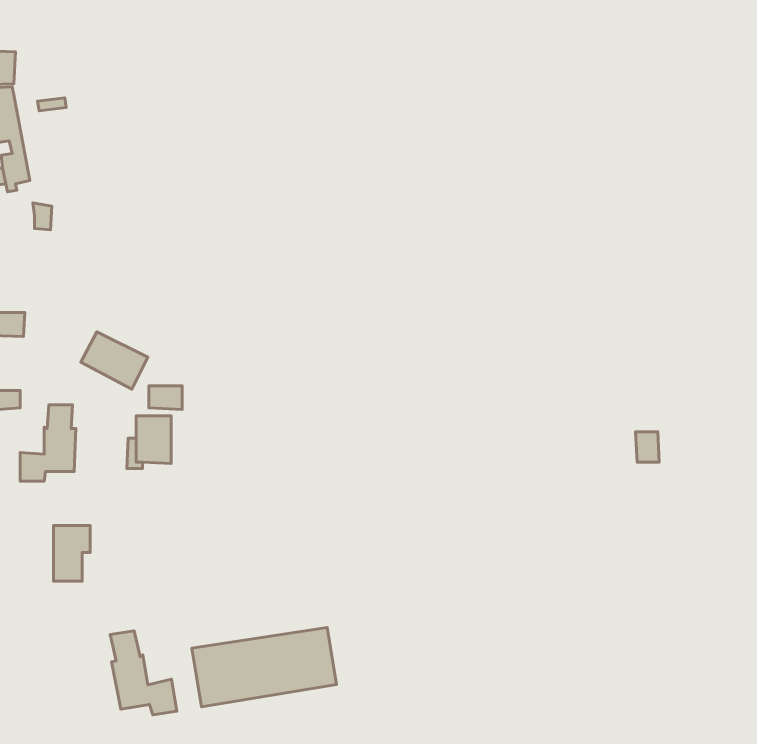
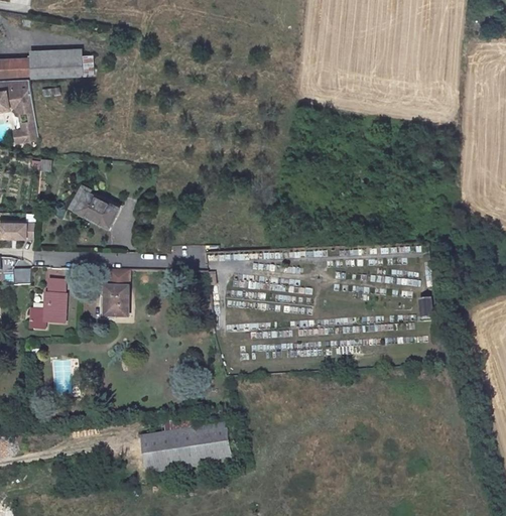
building: none -> [26,52,80,77]
building: [81,332,148,389] -> [75,191,117,228]
building: [110,631,177,715] -> none

